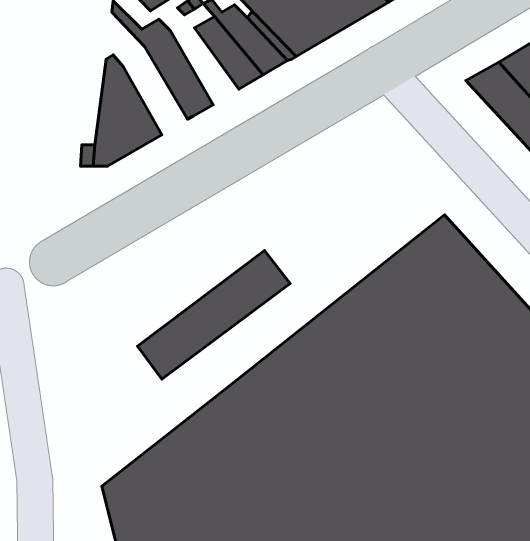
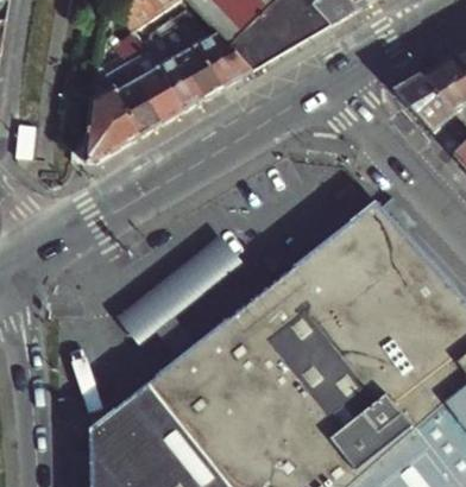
building: none -> [93,37,157,139]
building: none -> [139,45,200,114]

